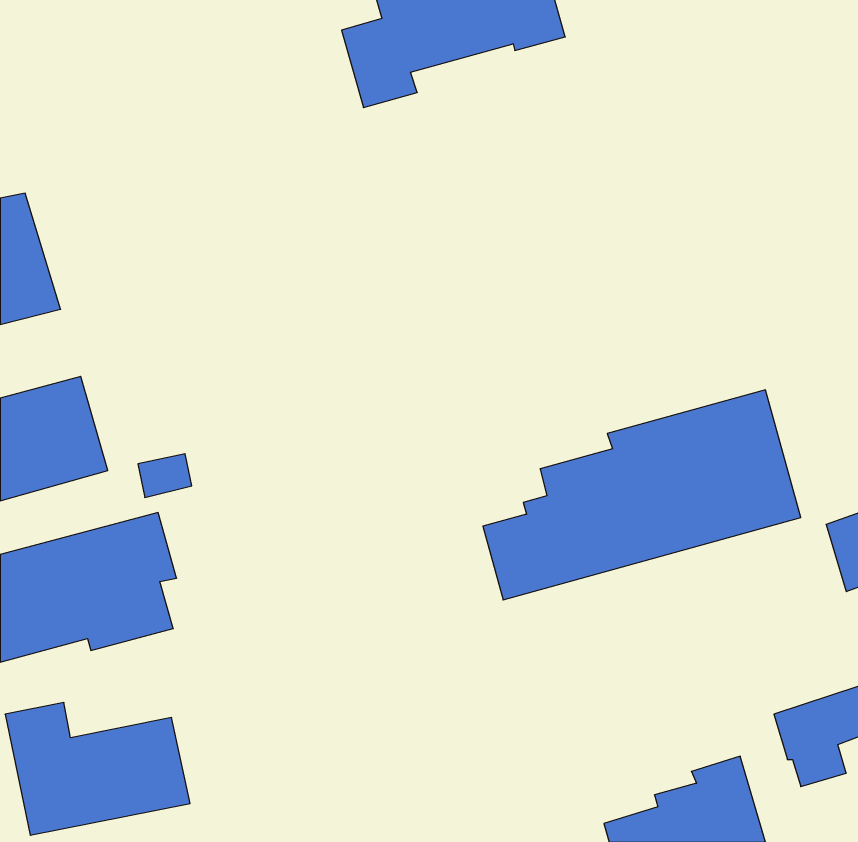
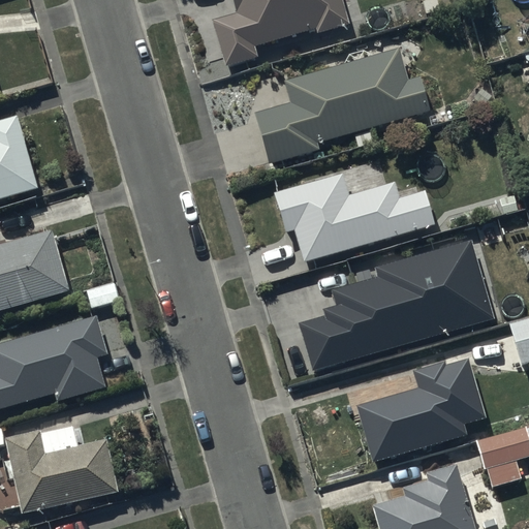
building: none -> [252,46,430,164]
building: none -> [273,170,435,262]
building: none -> [355,361,467,463]

